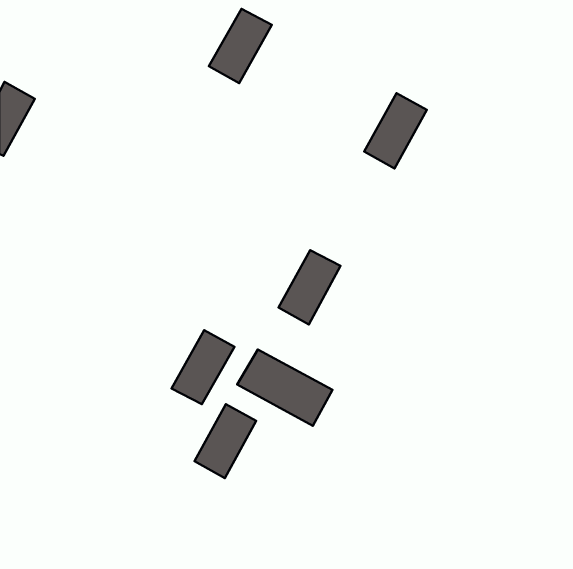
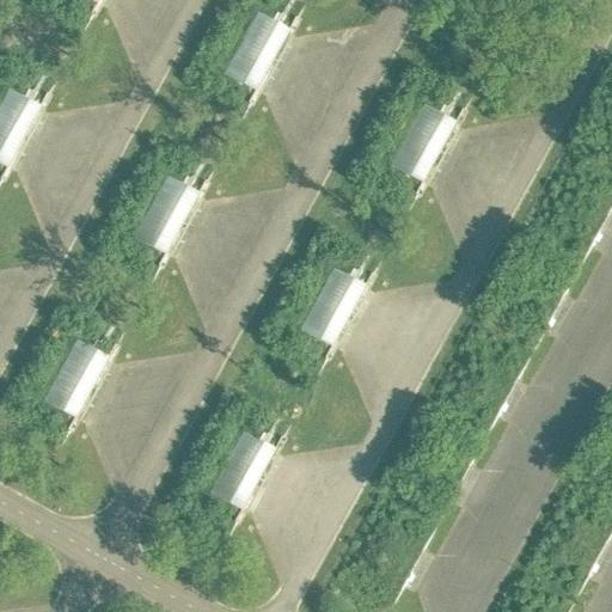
building: none -> [131,176,197,255]
building: [172,330,235,404] -> [41,339,108,418]
building: [237,350,333,426] -> none

